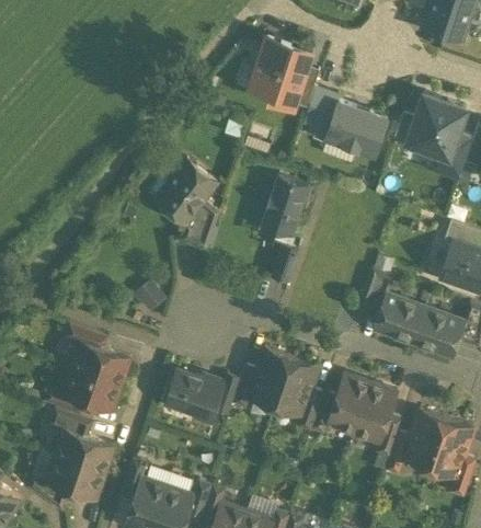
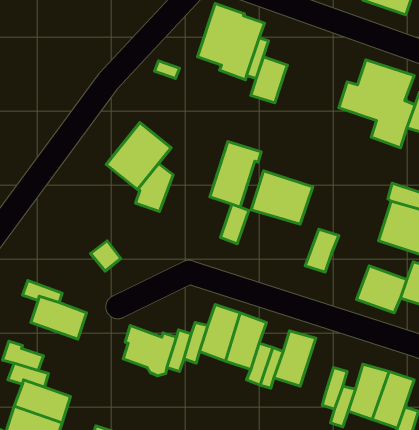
building: [327,101,391,157] -> [251,171,313,224]
building: [376,292,427,341] -> none
building: [64,365,123,409] -> none
building: [355,381,398,440] -> none

